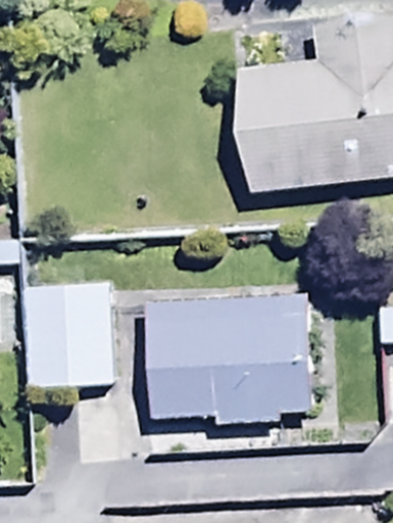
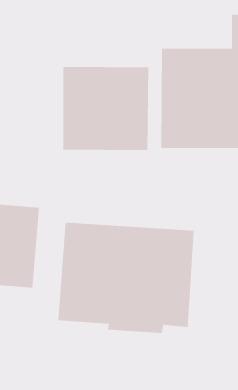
building: none -> [63,66,149,151]

